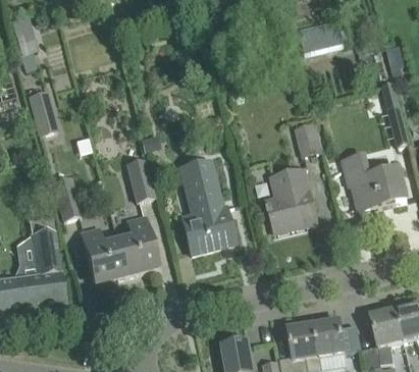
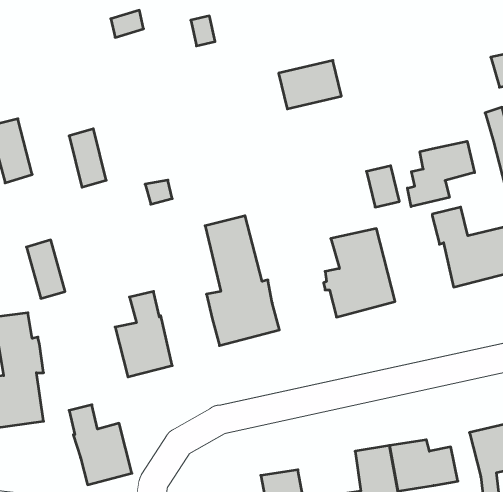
building: [299,19,344,54] -> [279,60,341,109]
building: none -> [407,141,475,207]
building: [127,158,154,200] -> [69,129,106,187]
building: [82,225,126,282] -> [69,405,132,485]

